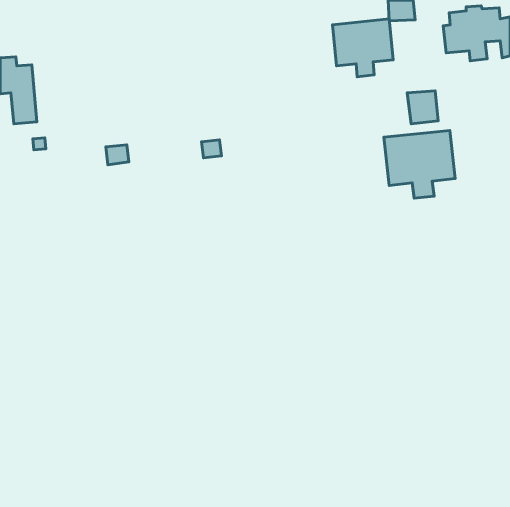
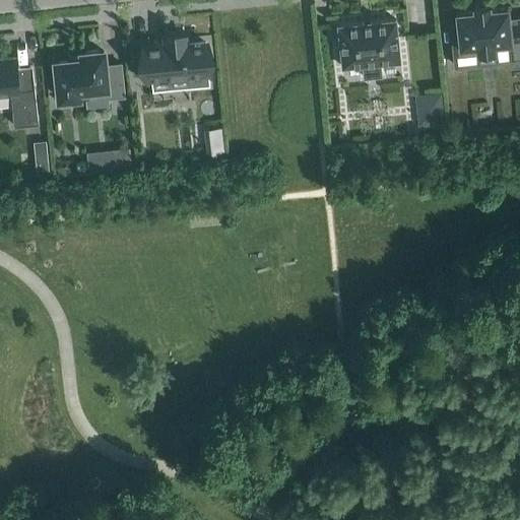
building: none -> [131,40,209,90]
building: none -> [55,52,124,102]
building: [384,130,455,198] -> none

